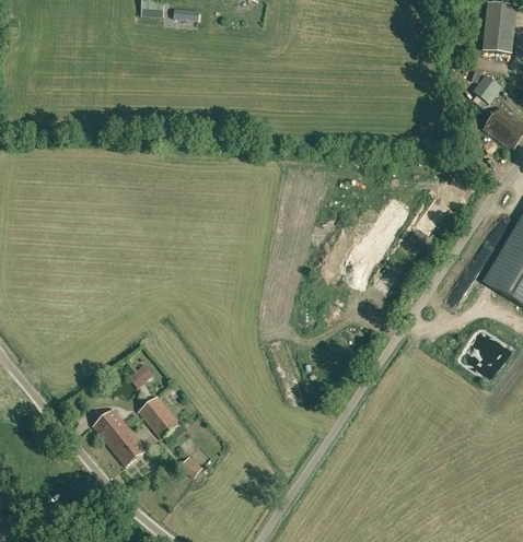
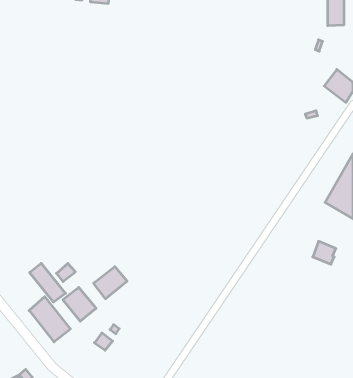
building: [473,75,502,104] -> none
building: none -> [30,263,66,302]
building: none -> [94,267,127,299]

